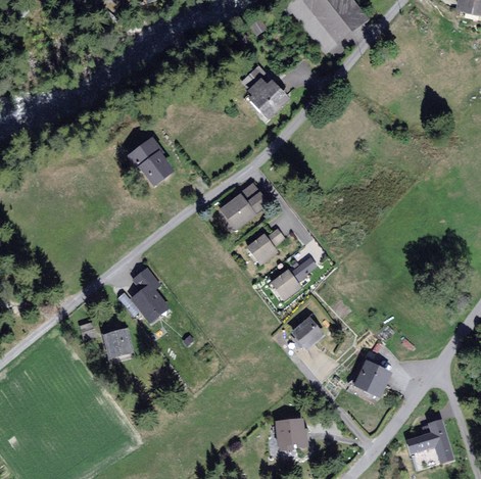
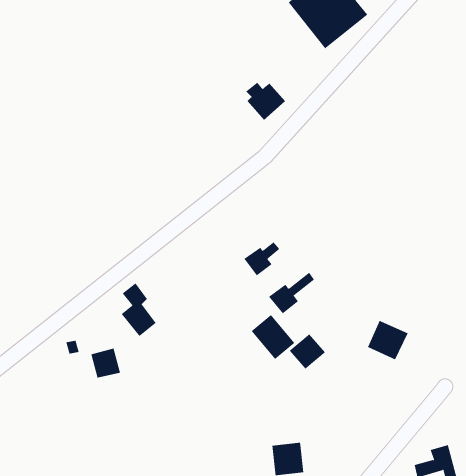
building: [130,139,172,184] -> none
building: [220,184,267,228] -> none
building: none -> [251,314,295,360]
building: [354,358,393,396] -> [367,320,409,360]

